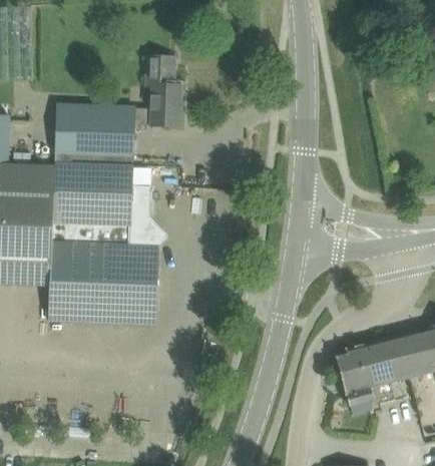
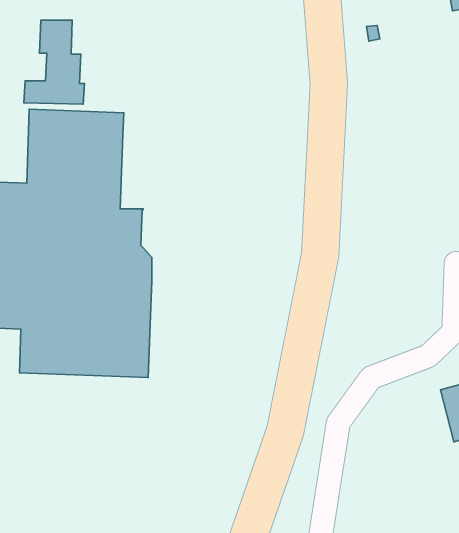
building: [134,57,184,126] -> [24,20,84,104]
building: [336,336,408,406] -> none

